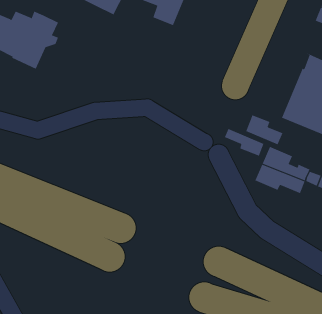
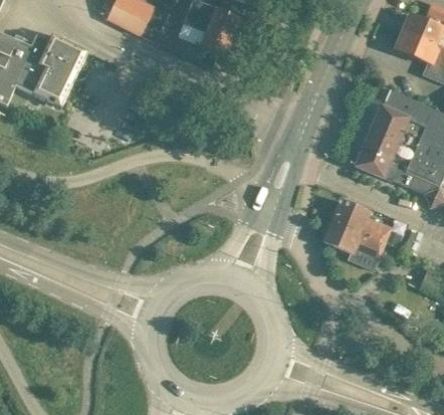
building: [246,114,283,145] -> none
building: [224,128,264,157] -> none

